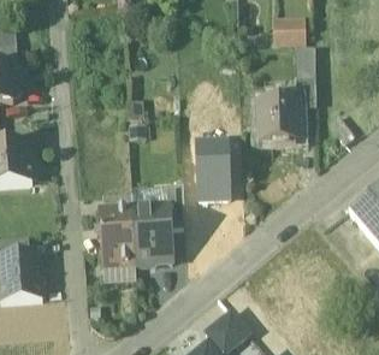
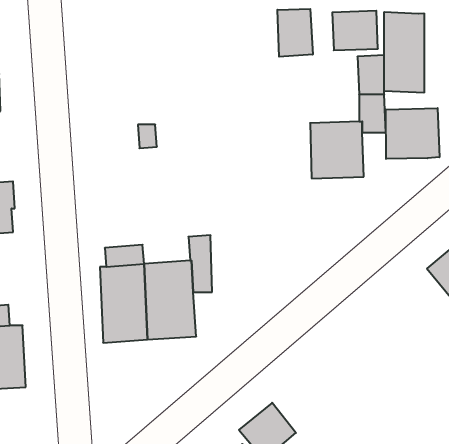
building: none -> [277,9,313,57]
building: none -> [384,12,424,93]
building: none -> [386,108,439,159]
building: [196,138,230,196] -> none

